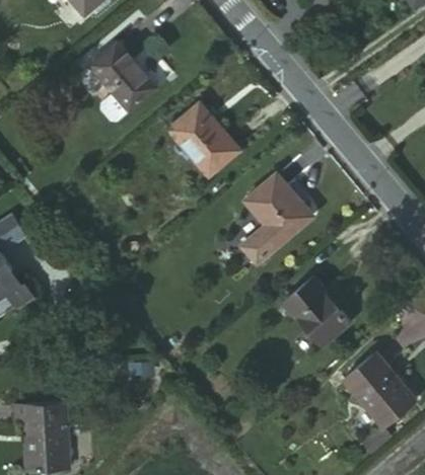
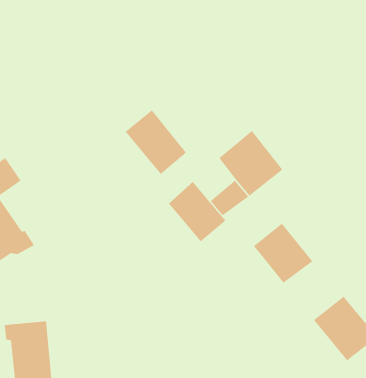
building: [82,41,151,111] -> none
building: [170,103,237,174] -> [125,109,187,175]
building: none -> [168,181,226,242]

